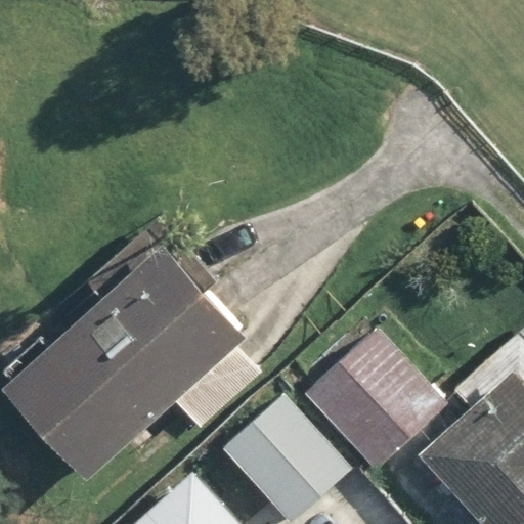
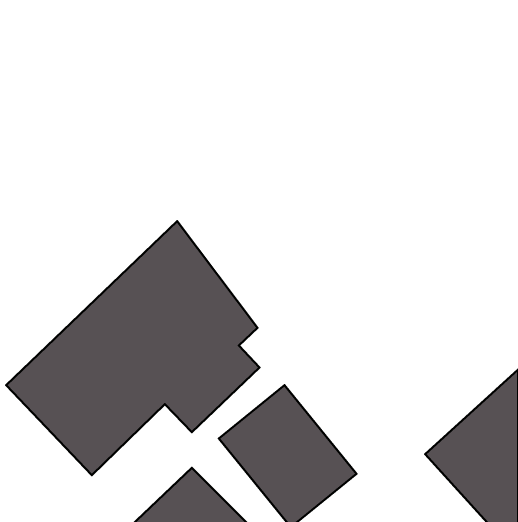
building: [307,329,444,467] -> none

